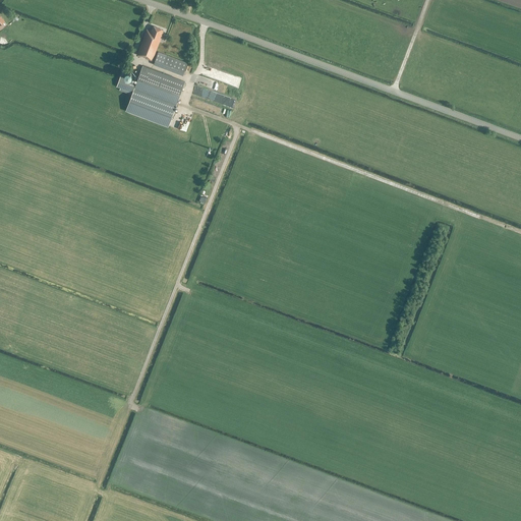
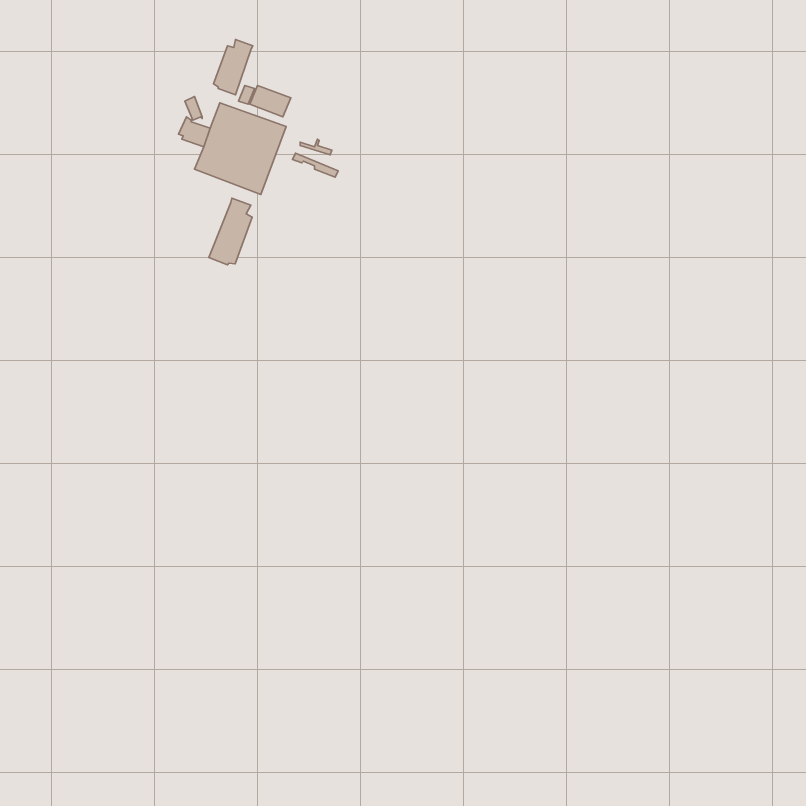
building: none -> [209,198,252,265]

